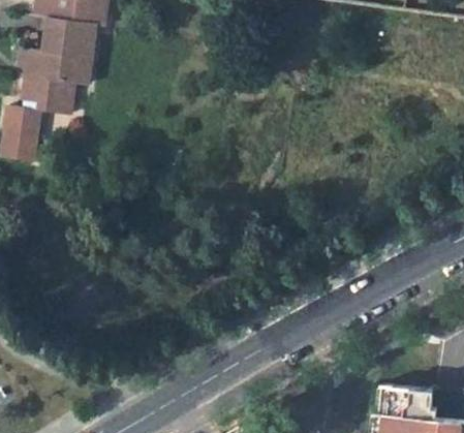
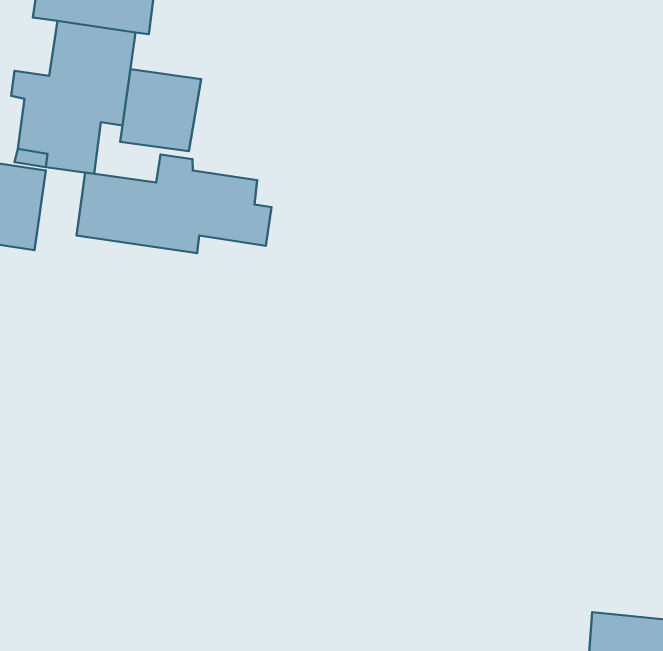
building: none -> [120,69,201,151]
building: none -> [77,154,272,253]

